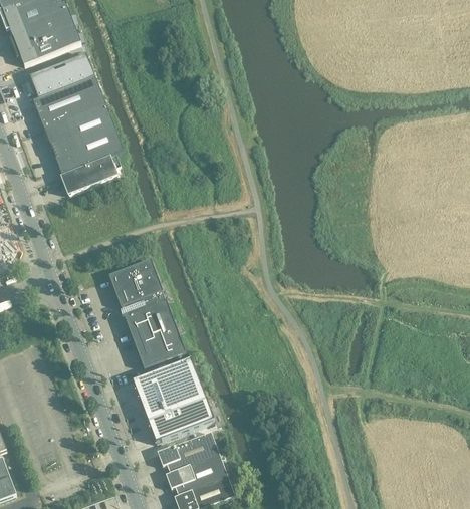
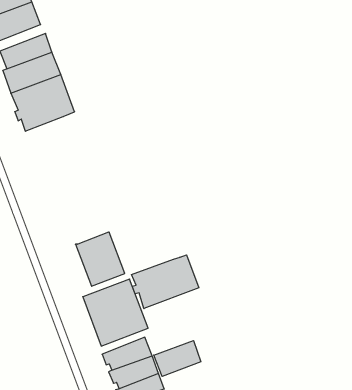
building: [61,153,120,193] -> none
building: [108,259,165,314] -> none
building: none -> [132,255,199,309]
building: none -> [154,341,201,376]

